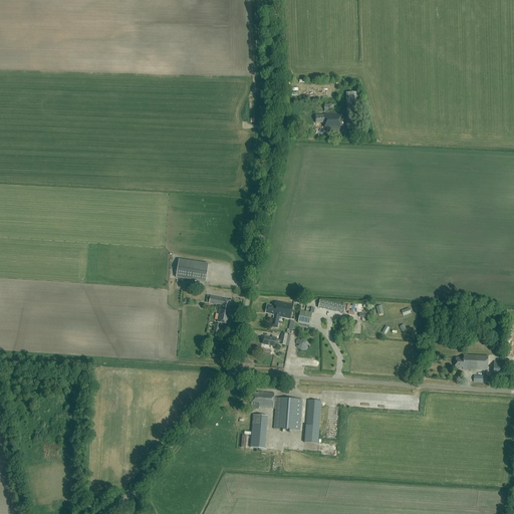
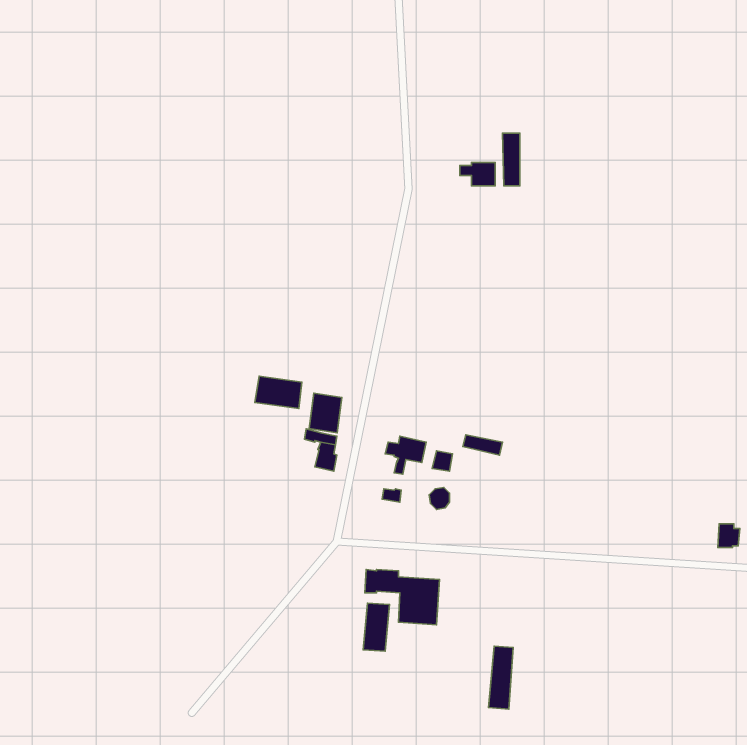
building: none -> [309,393,342,433]
building: [455,353,487,368] -> none
building: [303,399,320,442] -> [488,646,513,709]

